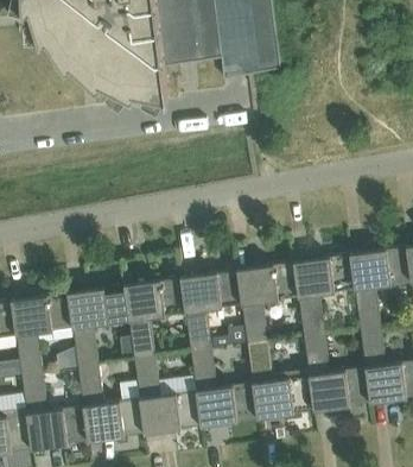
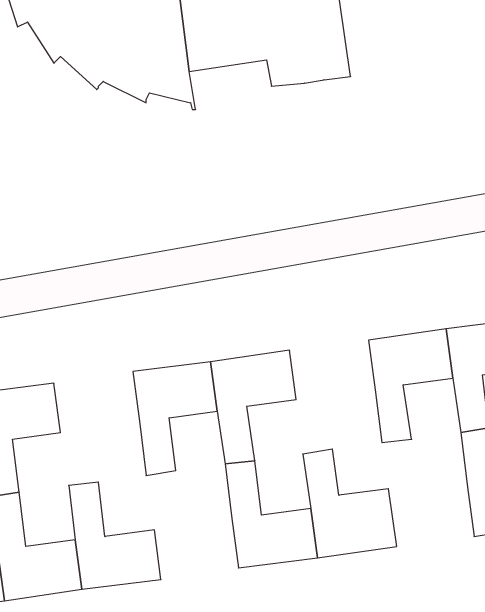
building: [237,263,299,345] -> none
building: [68,285,129,367] -> none
building: [304,334,370,411] -> none
building: [134,356,201,435] -> none

